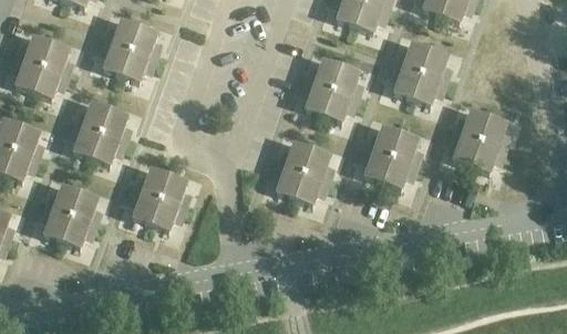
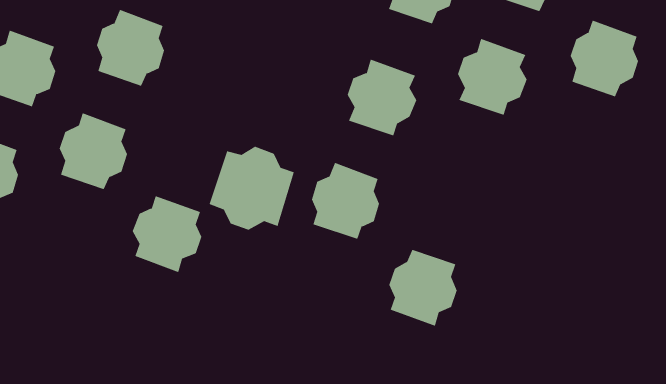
building: [452,108,507,170] -> [570,20,639,97]
building: [363,125,419,187] -> [389,249,457,326]
building: none -> [209,146,295,231]
building: [42,184,99,246] -> none

